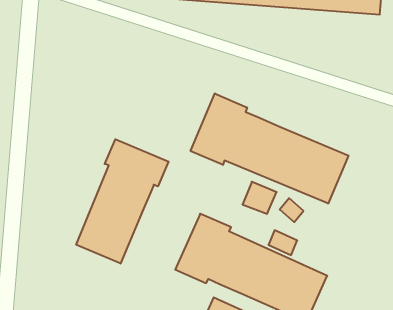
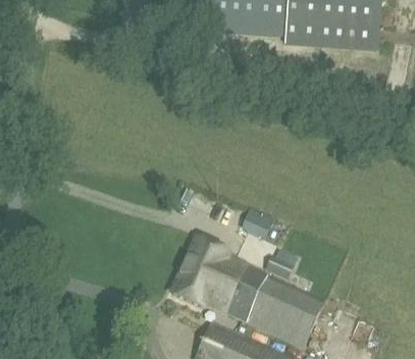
building: [191,93,348,204] -> none
building: [76,139,169,264] -> none

